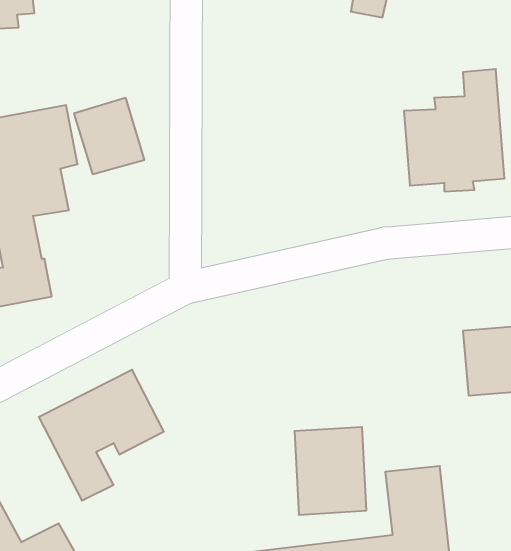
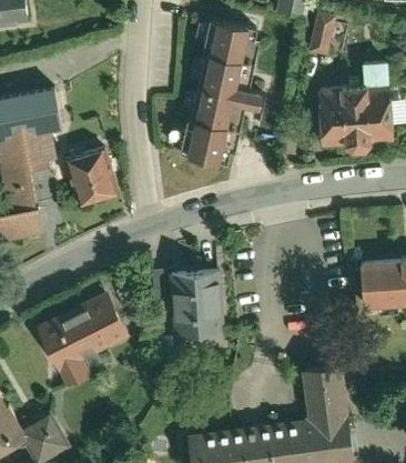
building: none -> [306,11,334,58]
building: none -> [182,17,265,160]
building: [74,98,144,174] -> [64,148,119,207]
building: [294,427,366,515] -> [170,272,225,340]

